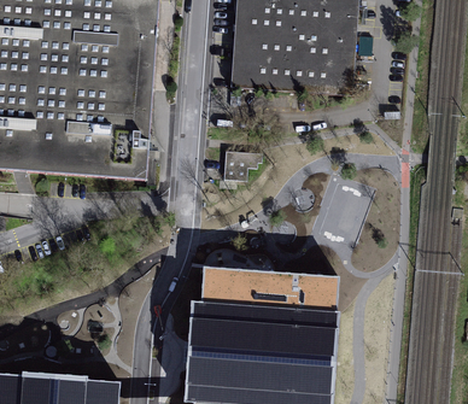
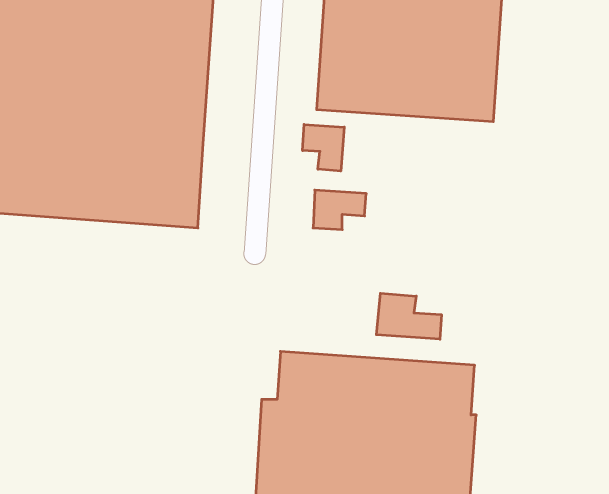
building: none -> [303,124,344,171]
building: none -> [376,293,441,339]

